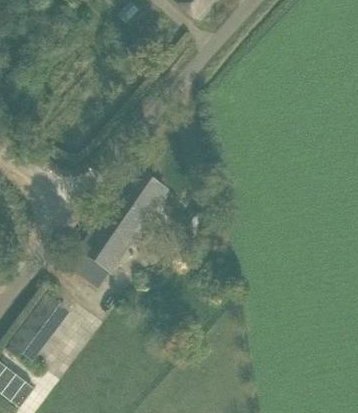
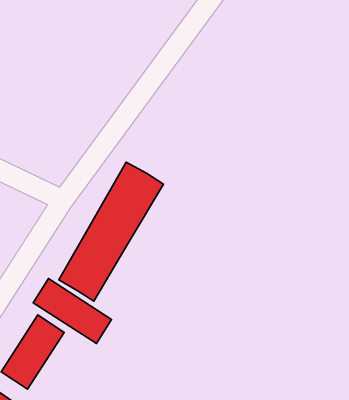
building: none -> [33,279,112,343]

